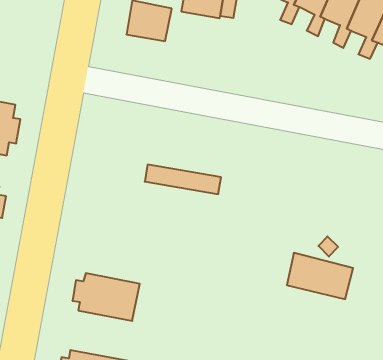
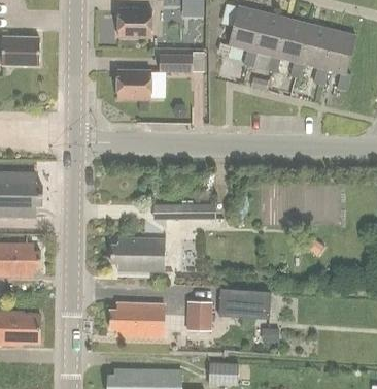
building: none -> [110,237,165,272]
building: [287,253,353,299] -> [218,288,271,319]
building: none -> [185,301,212,331]

